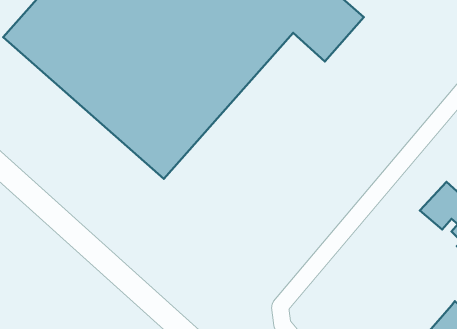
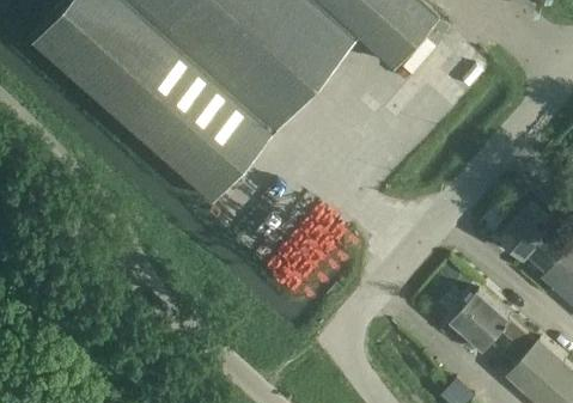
building: none -> [457,293,540,367]

